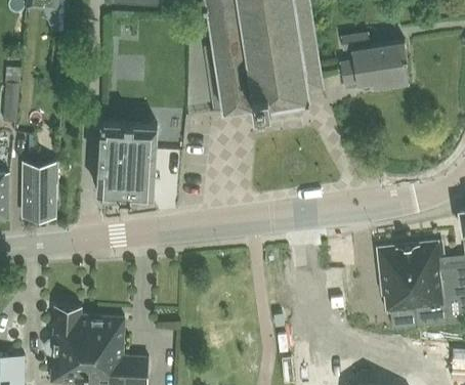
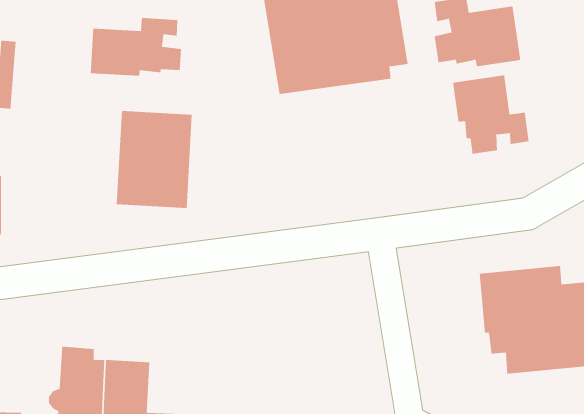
building: none -> [90,17,182,77]
building: none -> [452,74,529,155]
building: [23,164,56,219] -> none

